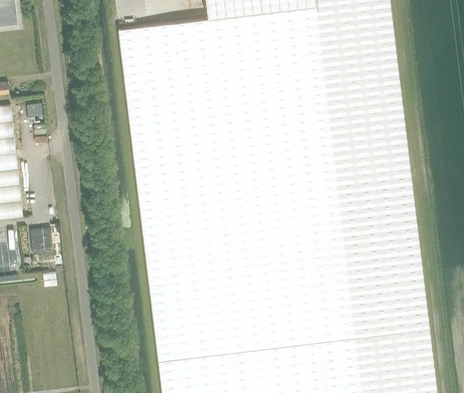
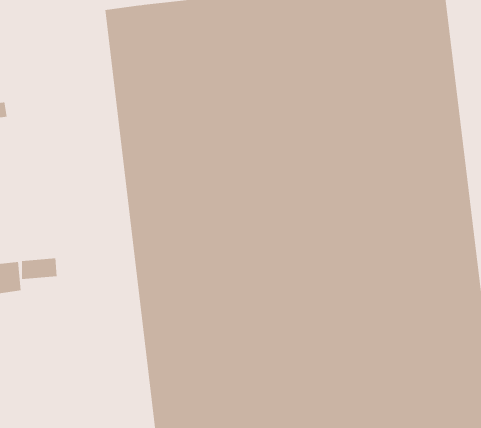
building: none -> [21,257,57,280]

